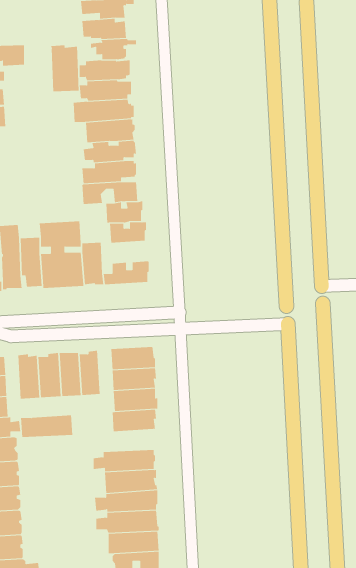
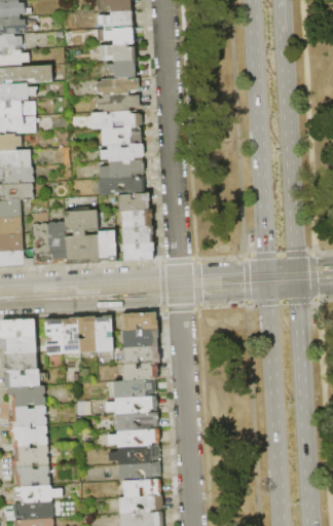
building: [51,44,79,92] -> none
building: none -> [121,225,152,243]
building: [20,415,73,438] -> [114,379,157,398]

